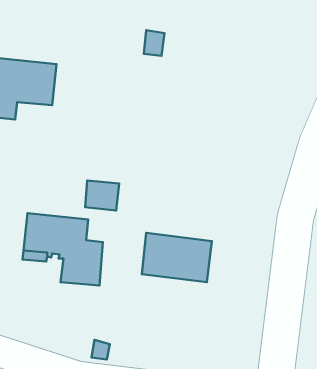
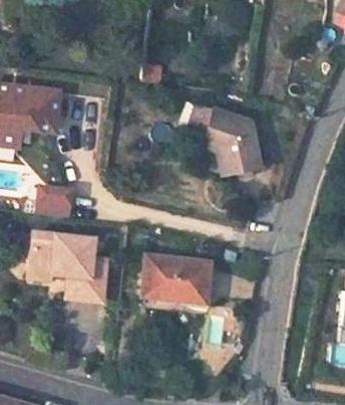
building: none -> [189,104,260,175]
building: [85,181,119,210] -> [38,188,71,217]

